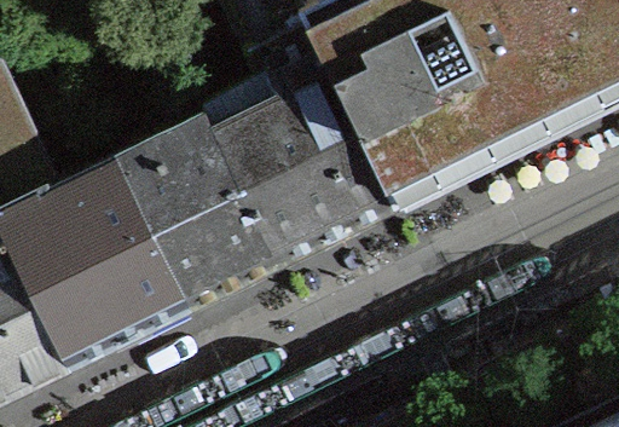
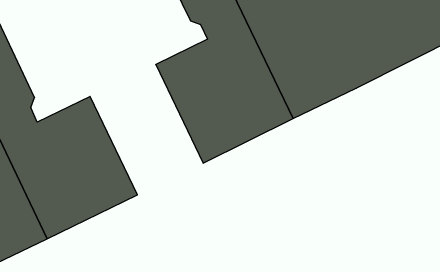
building: [135,111,295,284] -> none

